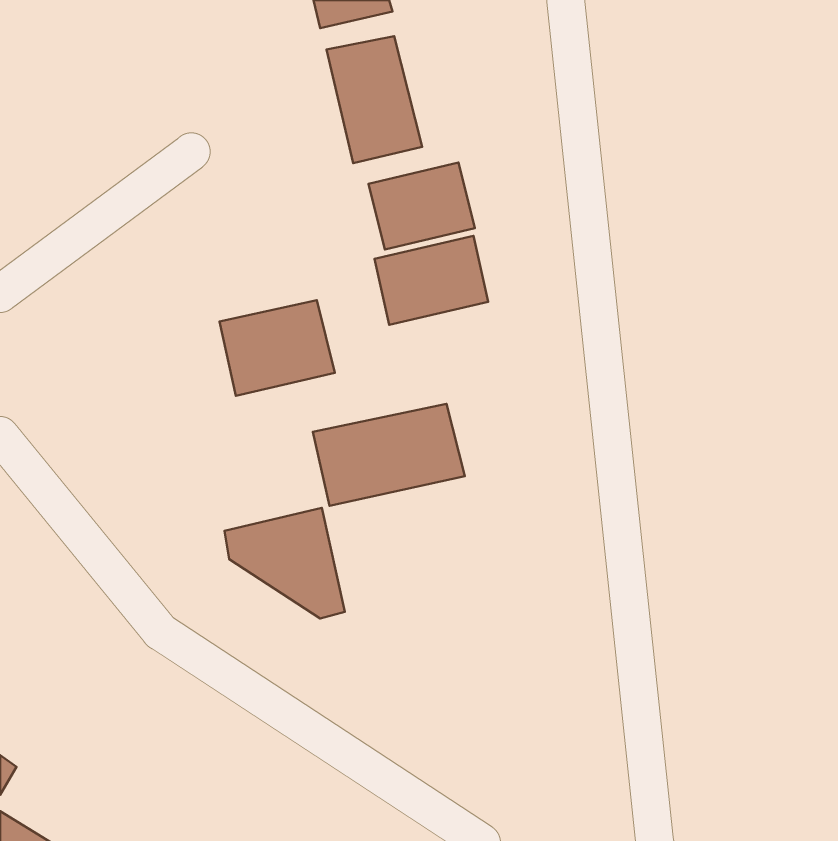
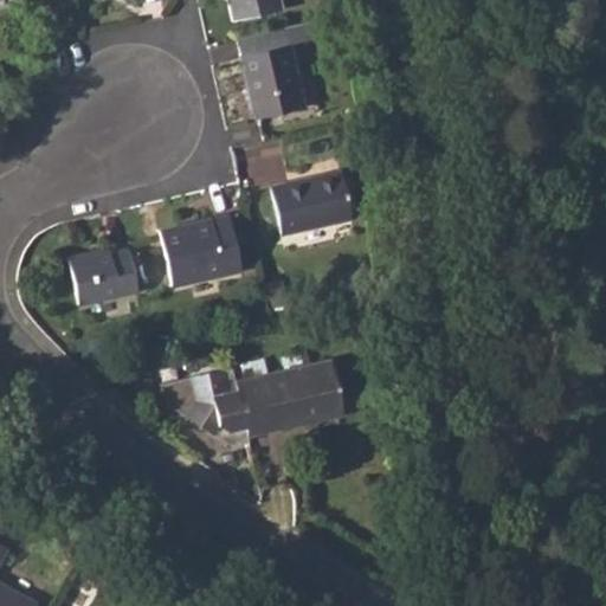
building: [369,163,475,250] -> none
building: none -> [70,247,140,303]
building: [313,404,465,506] -> [238,361,347,434]

